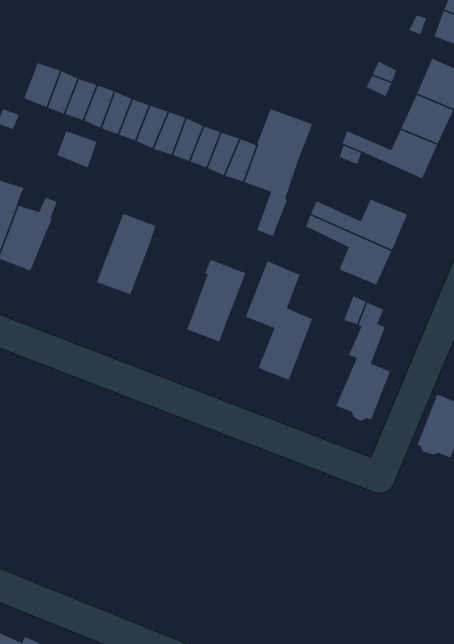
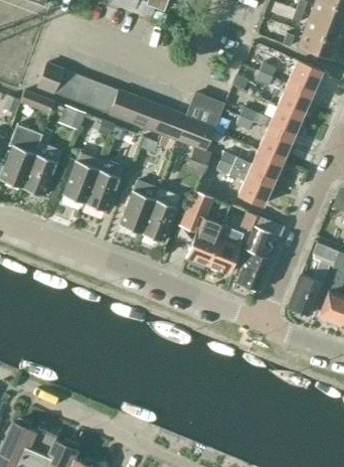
building: none -> [259,128,292,160]
building: none -> [63,151,102,203]
building: none -> [120,181,155,233]
building: none -> [207,226,243,274]

